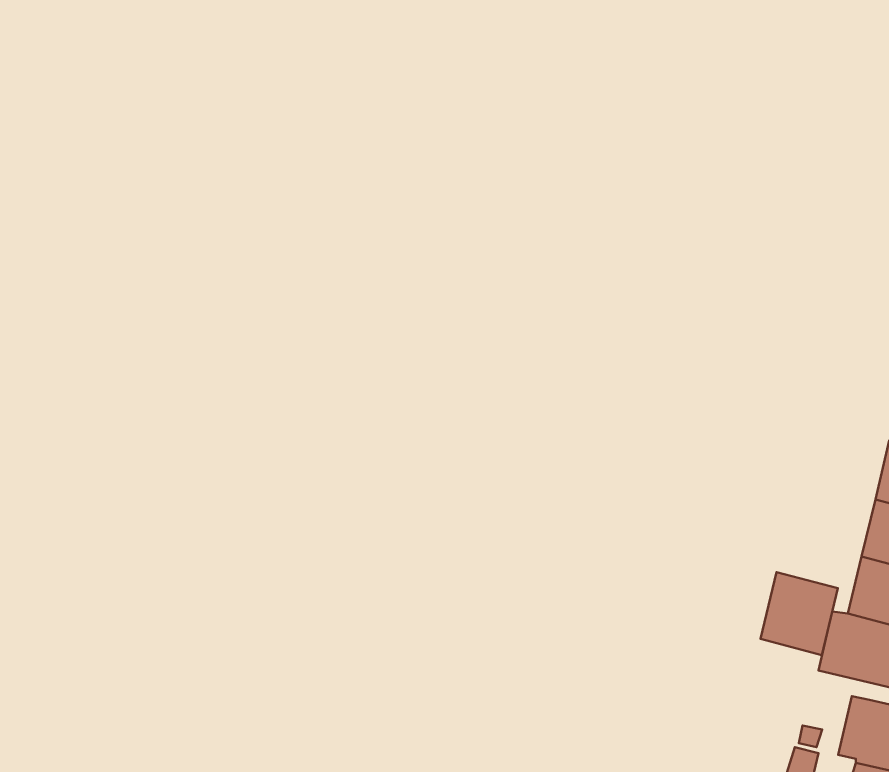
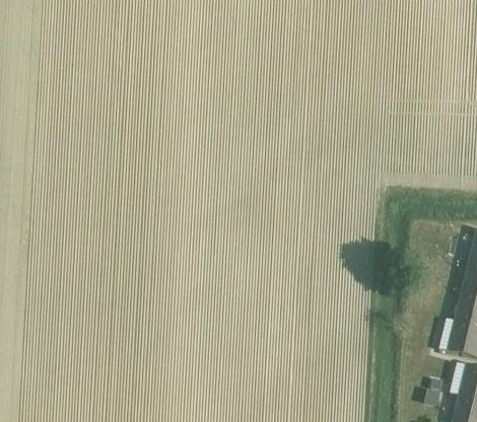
building: [761,572,838,655] -> none

